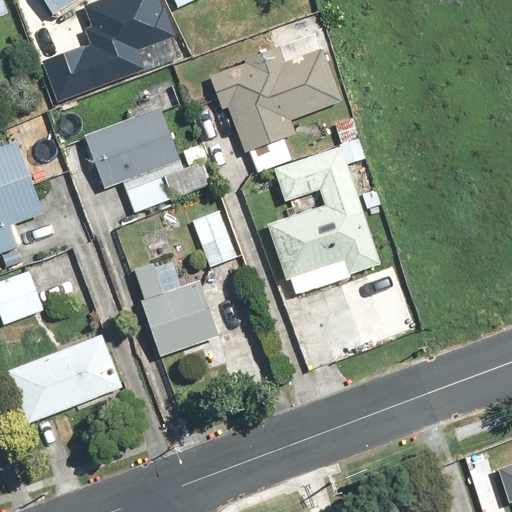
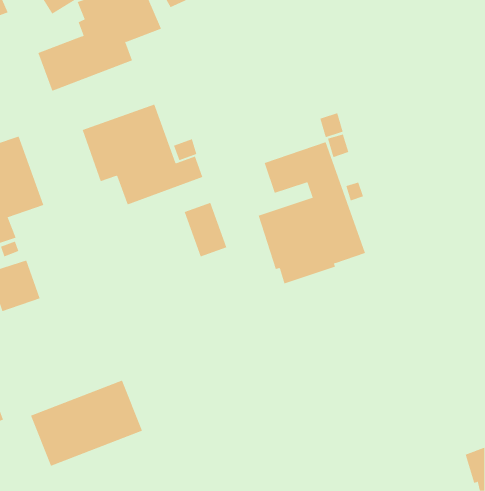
building: [209,46,341,172] -> none
building: [134,263,220,356] -> none
building: [6,334,123,424] -> [30,380,143,467]

